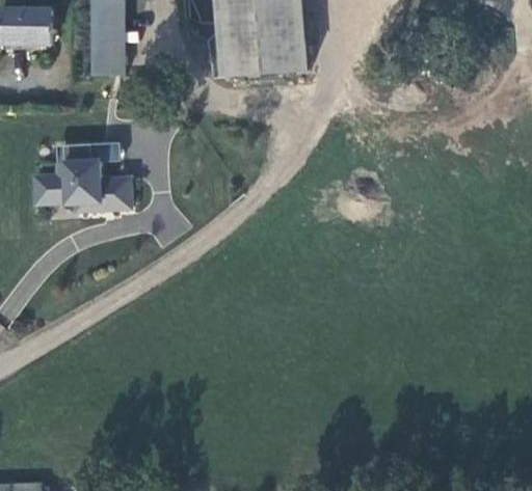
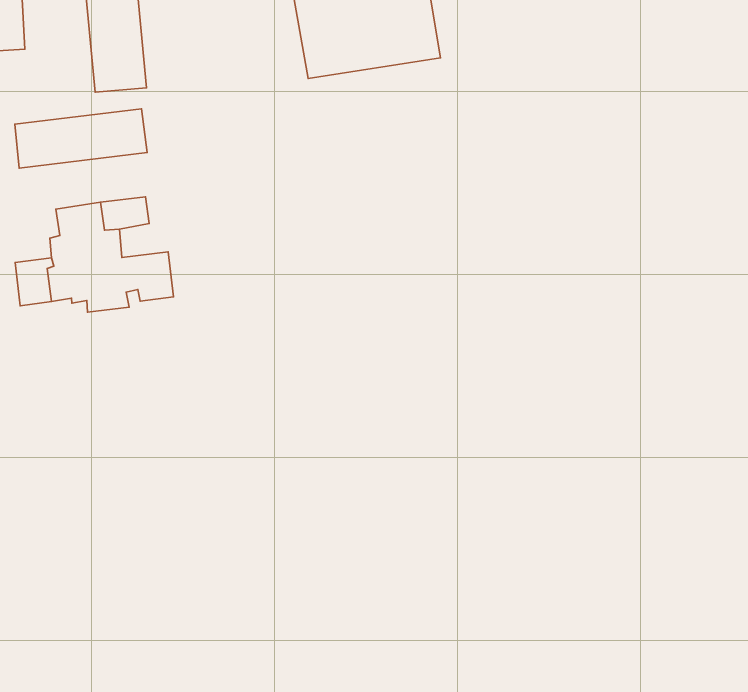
building: none -> [15,109,147,168]

